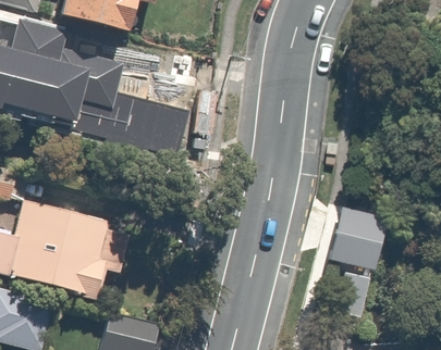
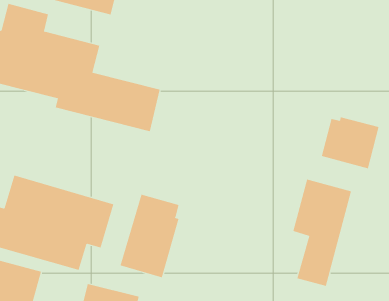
building: none -> [321,117,379,169]
building: none -> [120,194,179,278]

